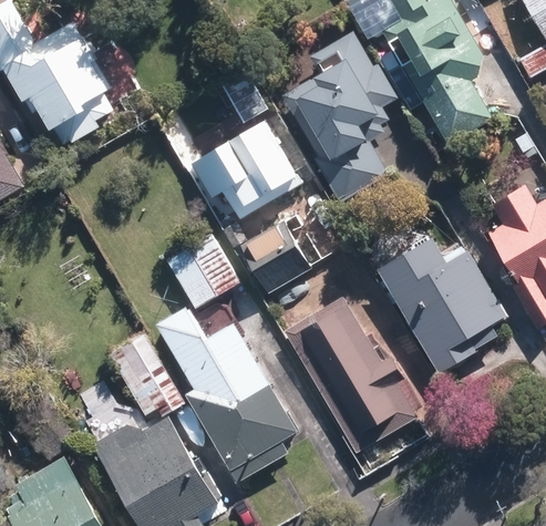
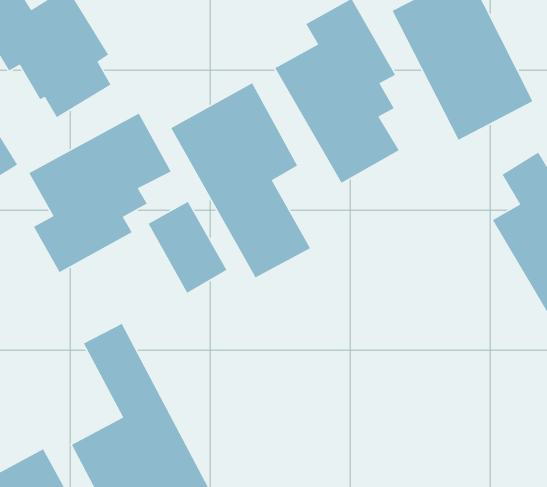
building: none -> [28,112,172,273]
building: [370,230,507,380] -> none
building: [275,291,423,463] -> none
building: [161,308,295,464] -> none

